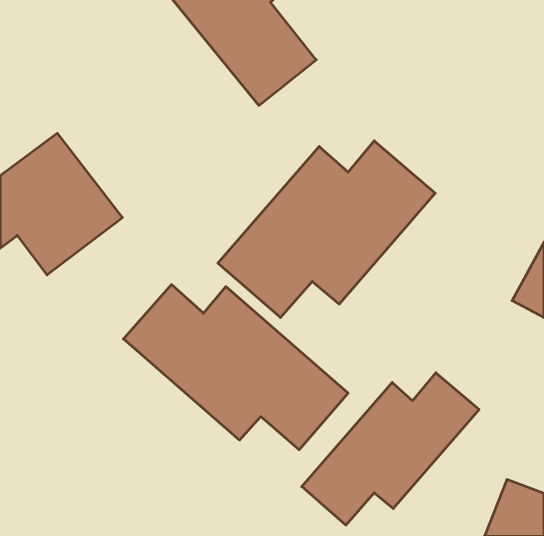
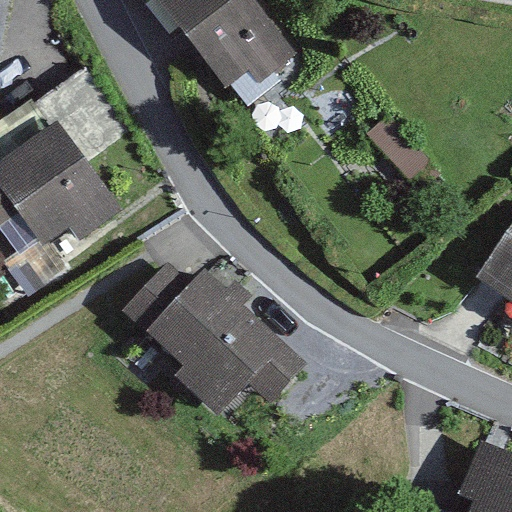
building: [218,141,435,318] -> none
building: [302,373,479,525] -> none

